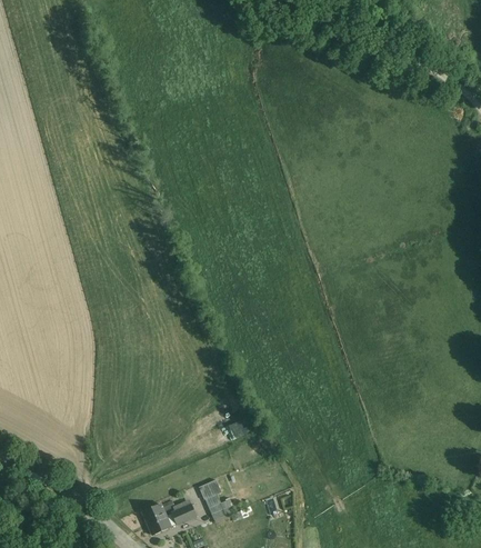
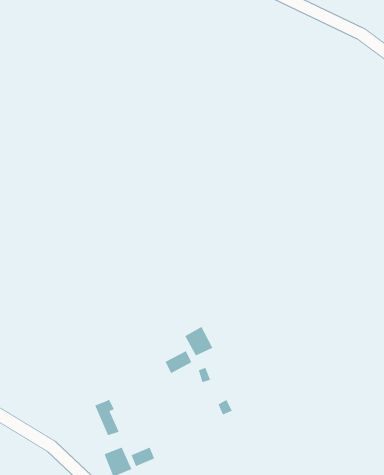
building: none -> [184,326,213,356]
building: [200,479,228,519] -> [94,399,120,436]

